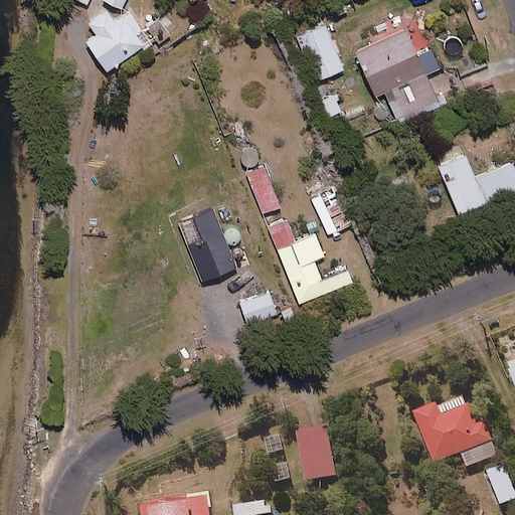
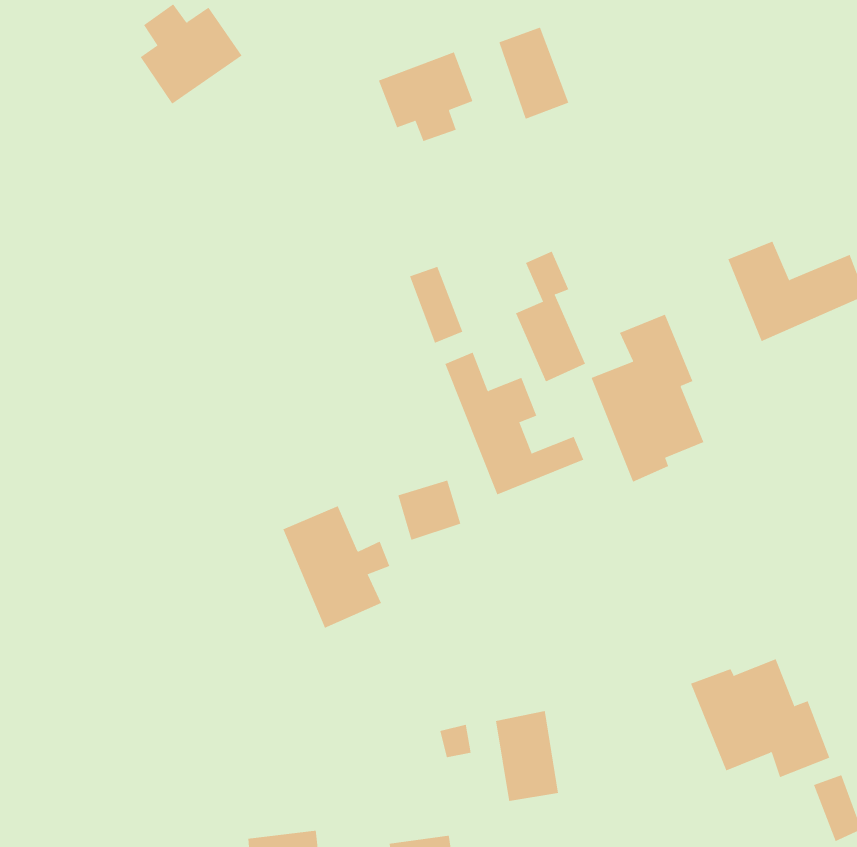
building: [358,33,438,123] -> none
building: none -> [378,52,473,142]
building: none -> [591,314,704,482]
building: [177,206,241,280] -> [282,506,390,628]

